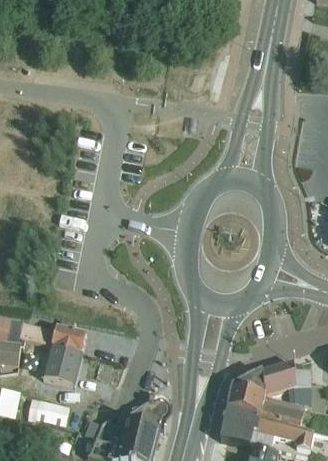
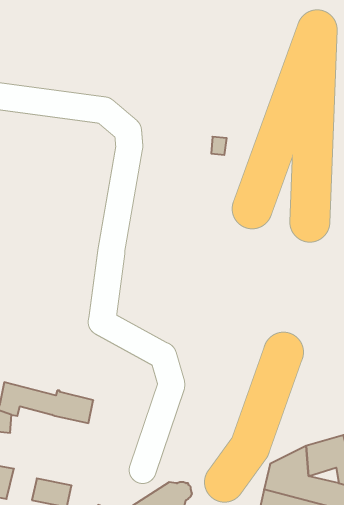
building: [43,345,81,383] -> none

